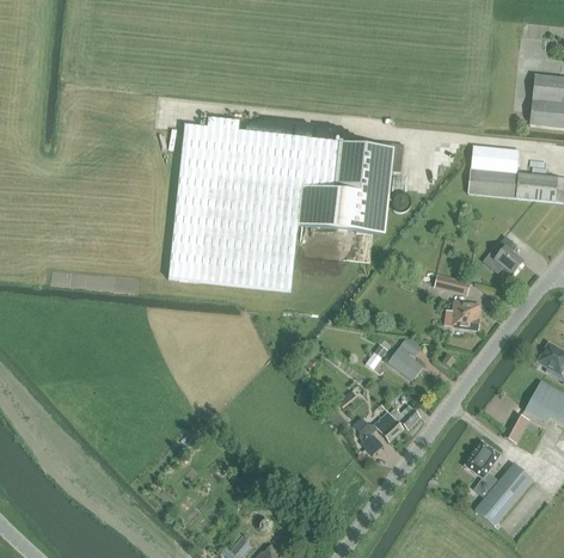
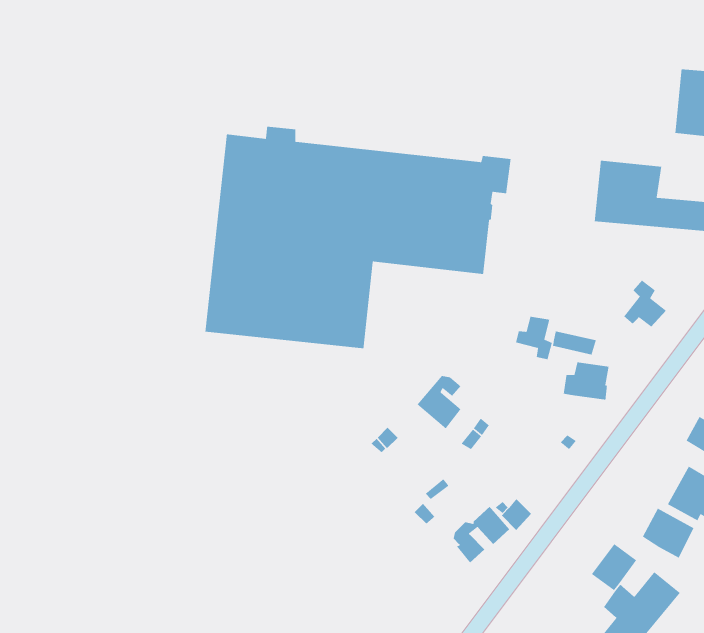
building: none -> [515,316,553,360]
building: [387,341,422,382] -> [417,375,462,429]

